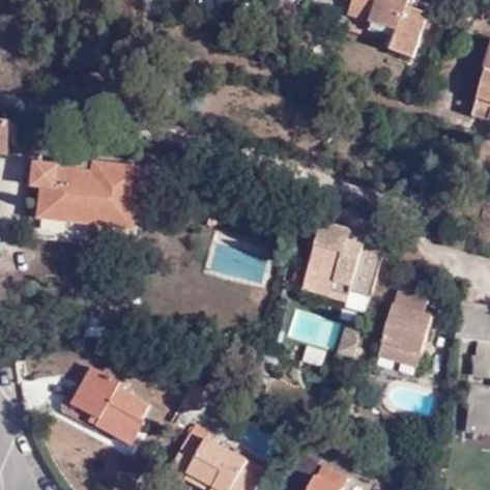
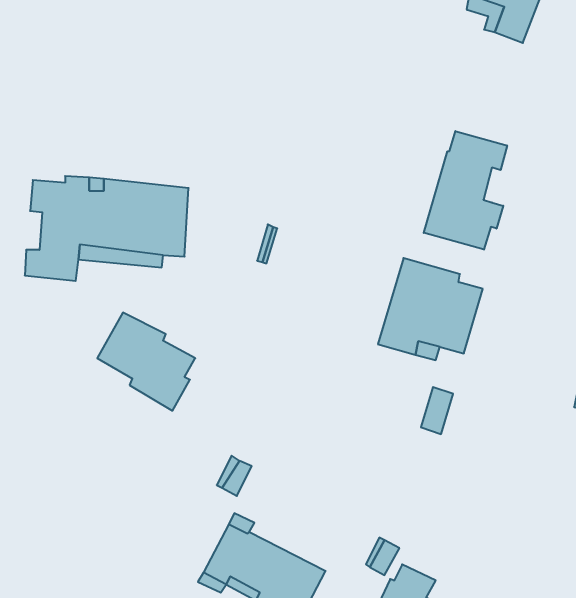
building: none -> [424,131,507,250]
building: [374,290,430,367] -> none
building: [70,372,146,448] -> [97,313,195,411]

